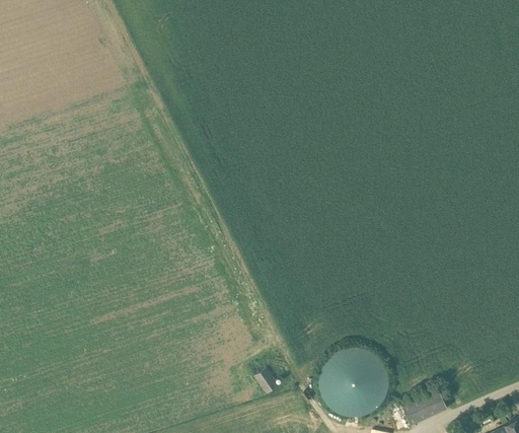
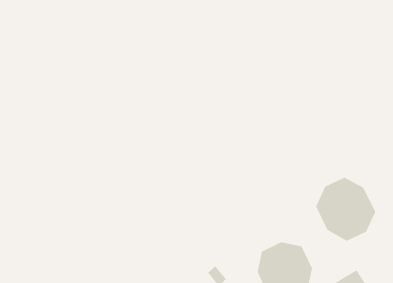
building: none -> [316,177,376,241]

